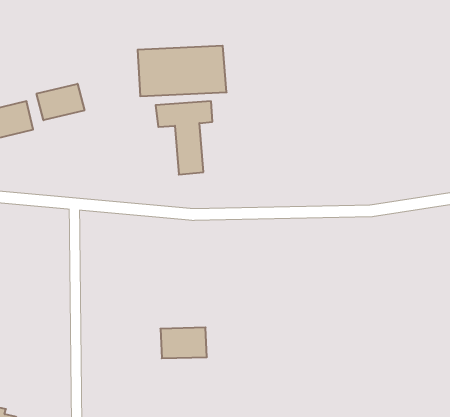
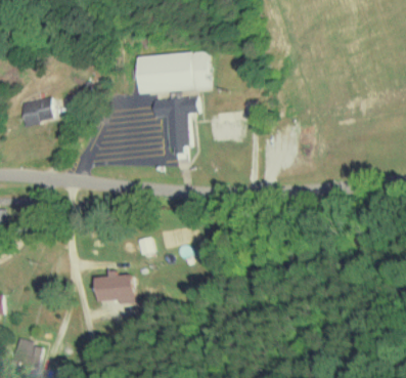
building: [37,84,84,120] -> none
building: [160,327,207,358] -> [96,276,133,300]

